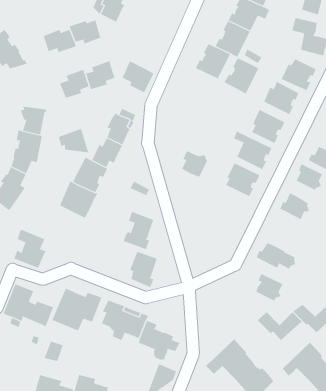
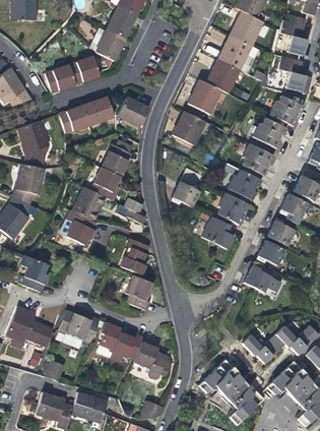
building: [223,57,259,94] -> [172,111,205,145]
building: [58,128,89,153] -> [18,119,48,142]
building: none -> [201,217,234,249]
building: [255,273,284,301] -> [260,239,286,265]

